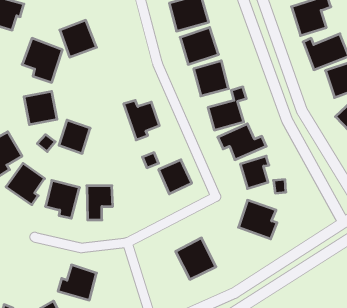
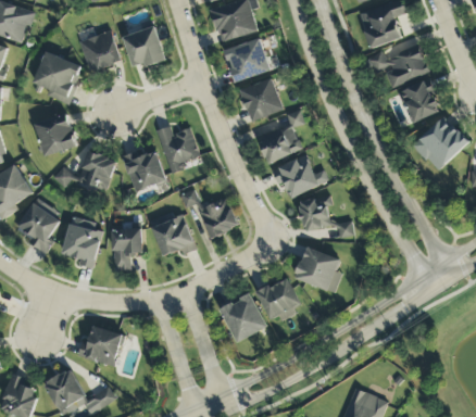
building: none -> [122,26,166,67]
building: none -> [122,150,165,191]
building: none -> [149,213,196,256]
building: none -> [255,278,301,319]

